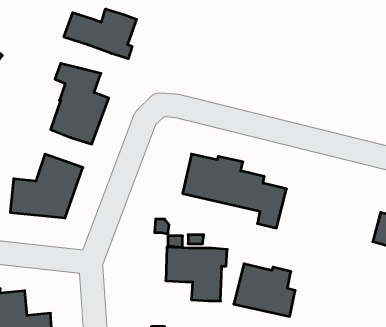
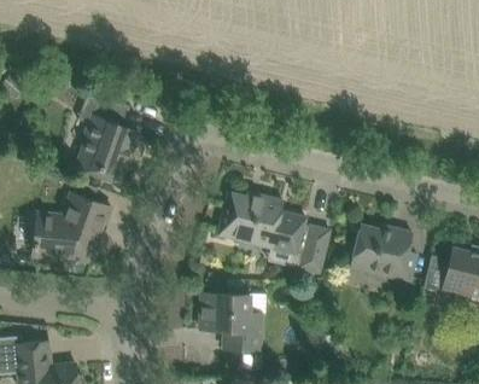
building: [64,9,137,59] -> none
building: [234,264,295,316] -> [350,225,416,281]

